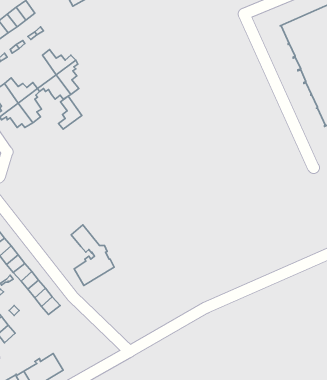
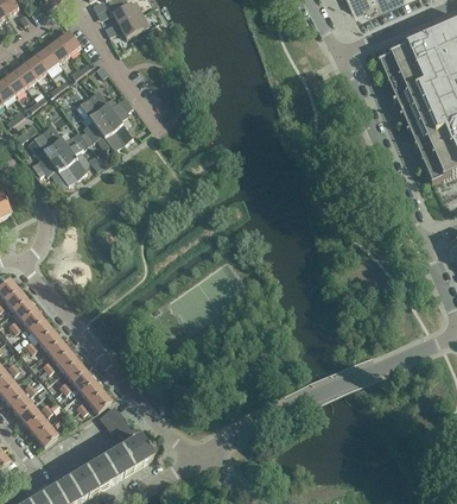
building: [58,96,82,129] -> [78,96,107,137]
building: [71,225,114,286] -> [100,405,152,479]

